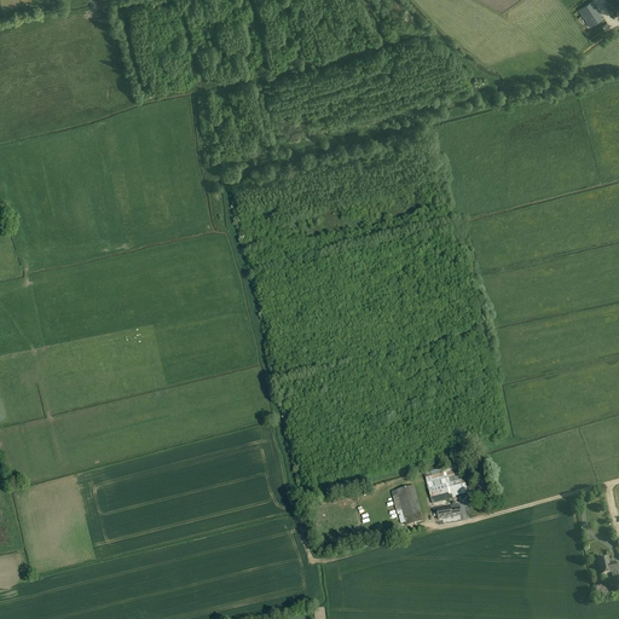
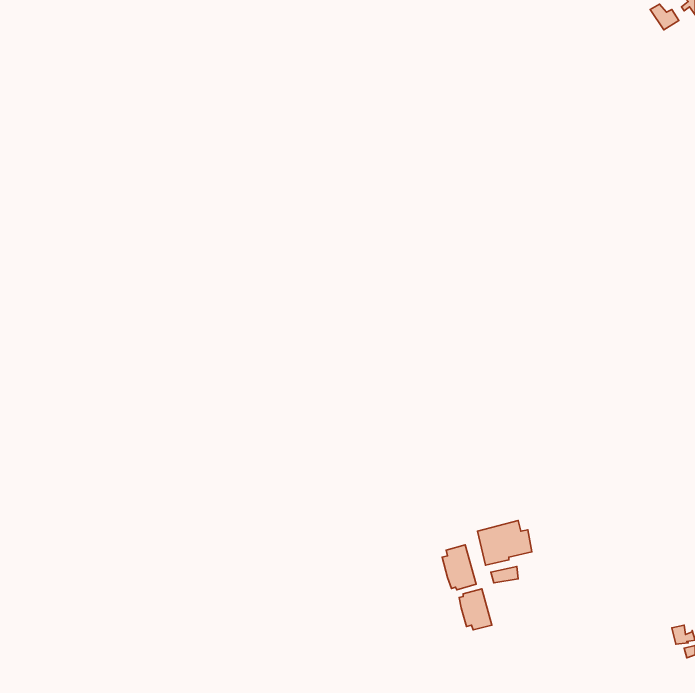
building: none -> [459,589,492,630]

